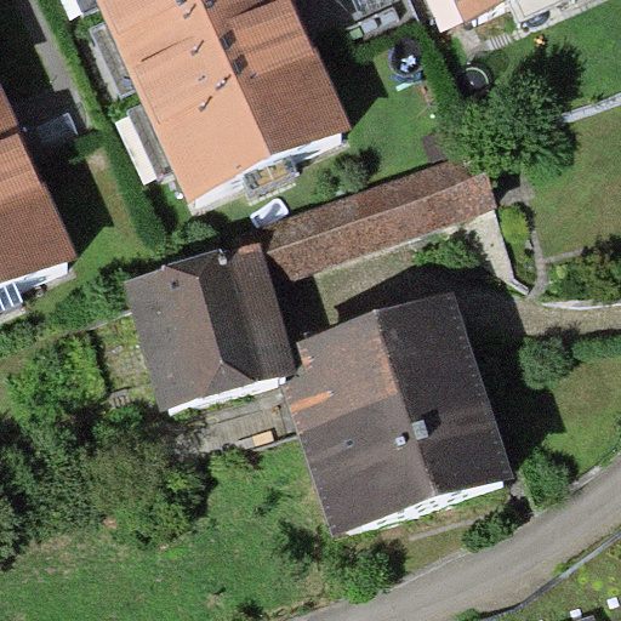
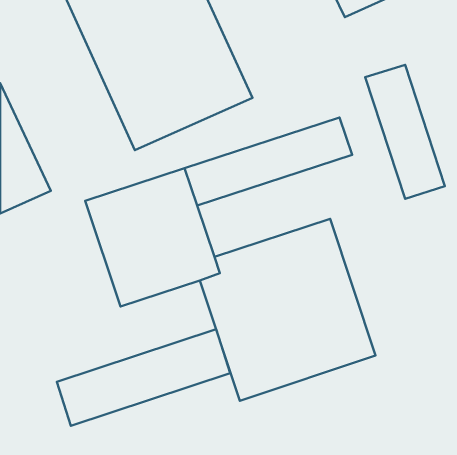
building: none -> [365,65,445,199]
building: none -> [57,329,230,426]

